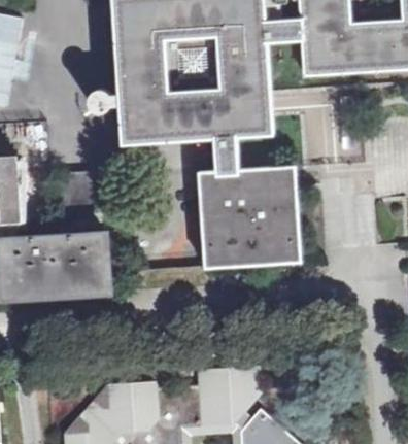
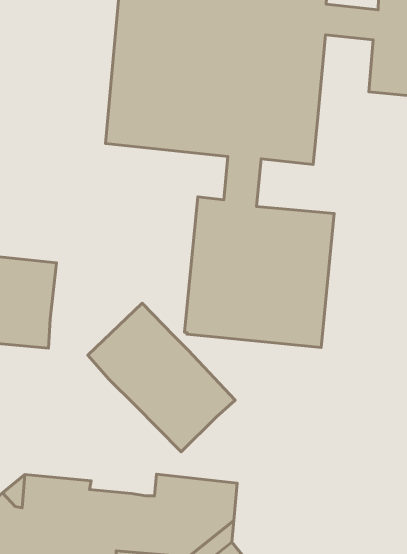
building: none -> [88,303,235,452]

